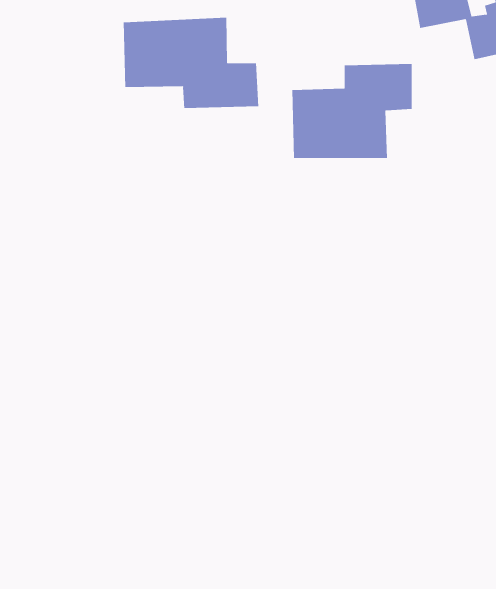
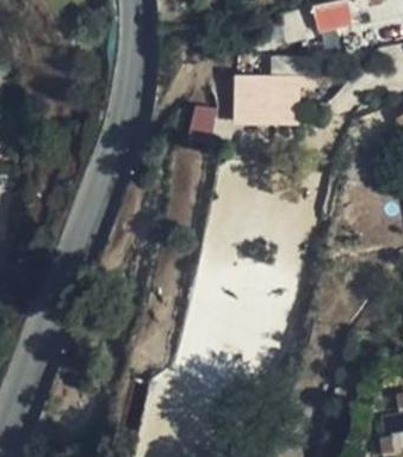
building: [123,17,259,109] -> none

